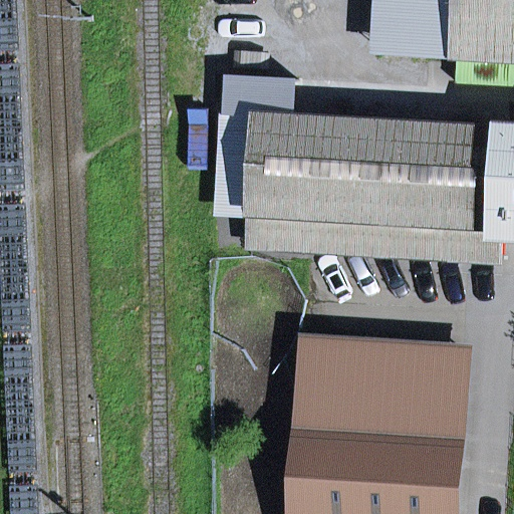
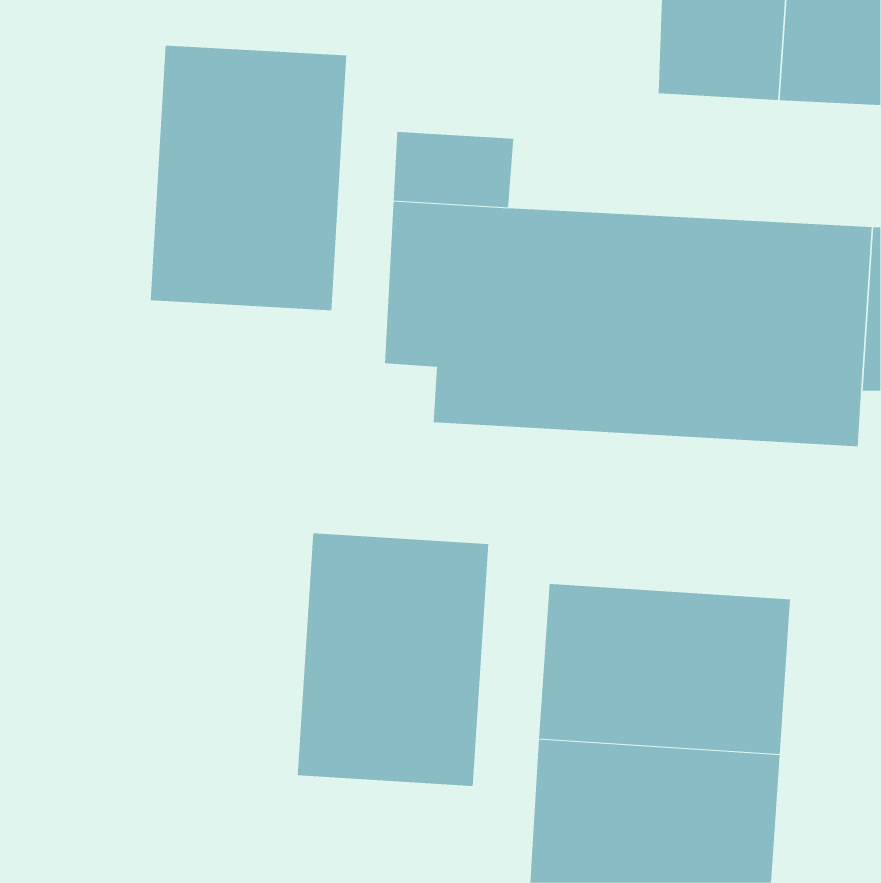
building: none -> [150,45,347,311]
building: none -> [297,532,489,787]

